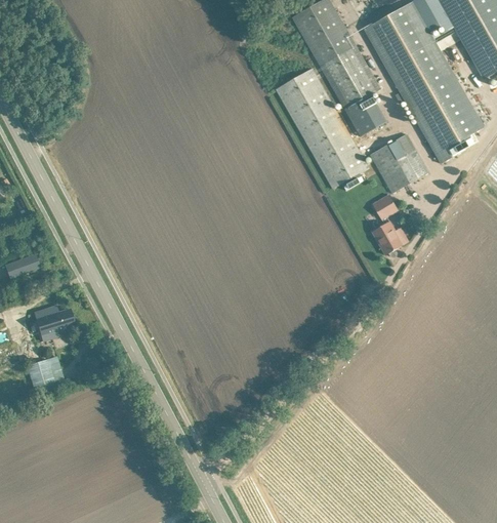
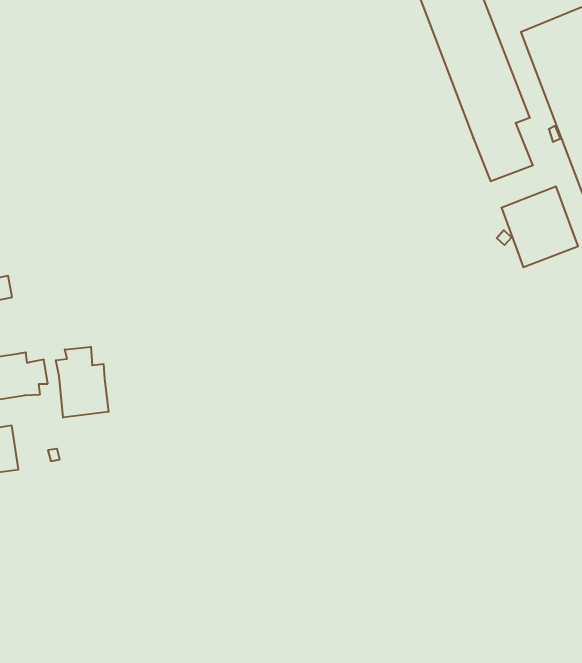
building: [276,67,368,188] -> none
building: [371,194,403,253] -> none
building: none -> [56,347,108,418]

